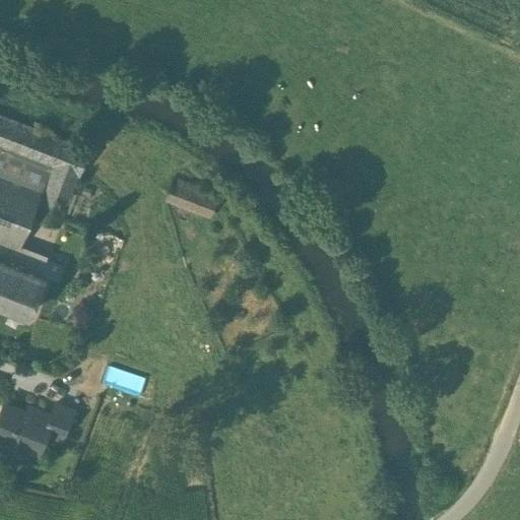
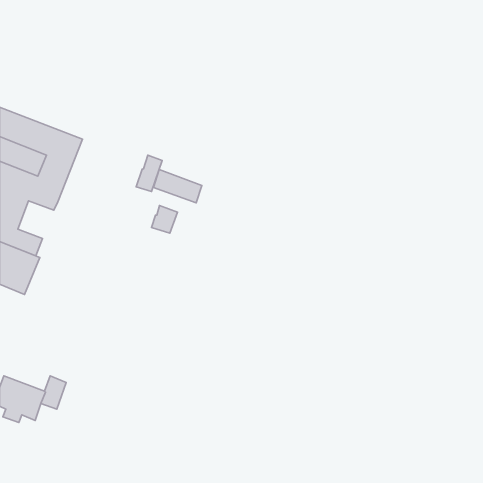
building: none -> [136,155,162,191]
building: none -> [151,206,177,233]

